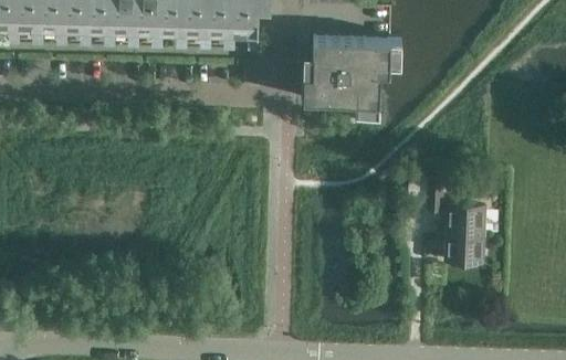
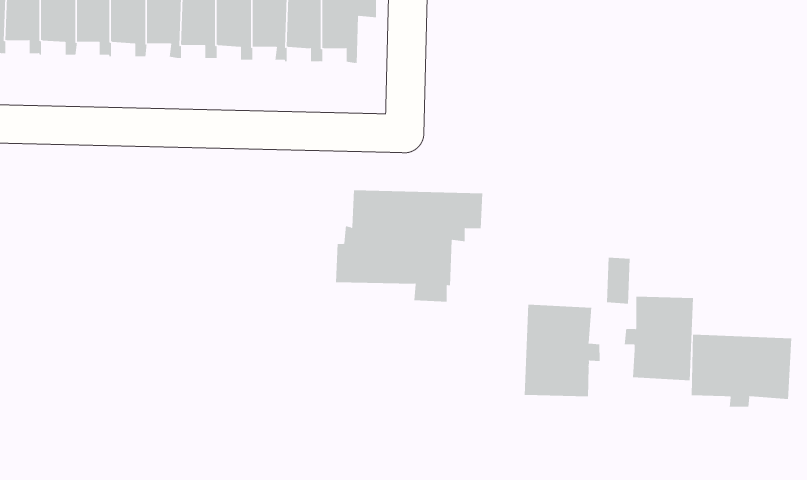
building: [301,35,401,112] -> [335,190,483,302]
building: none -> [524,304,600,397]
building: none -> [691,334,792,407]

